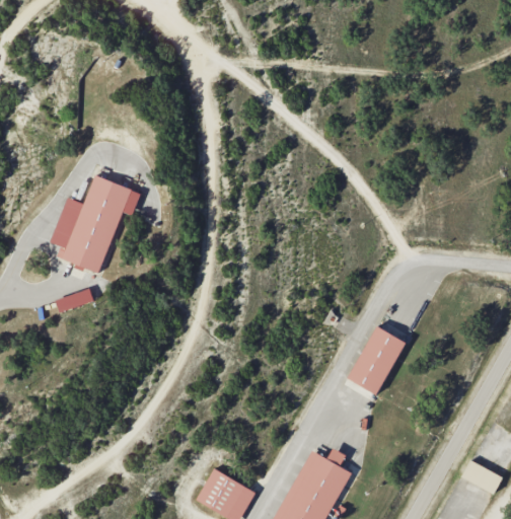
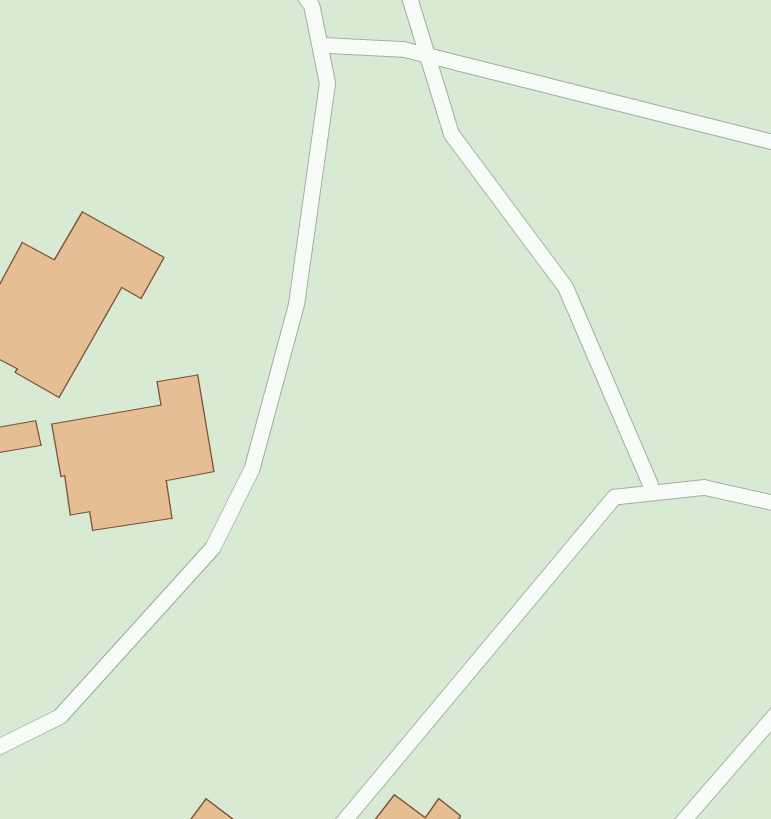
building: none -> [52,375,214,531]
building: [348,327,405,395] -> none

